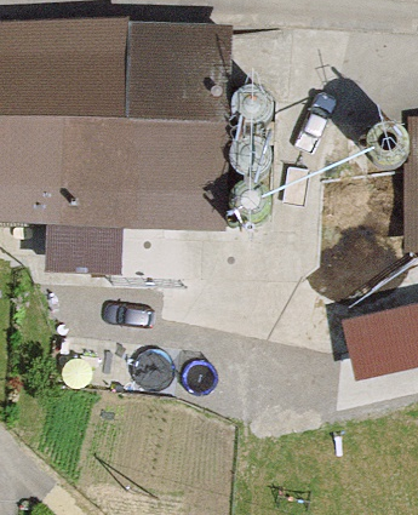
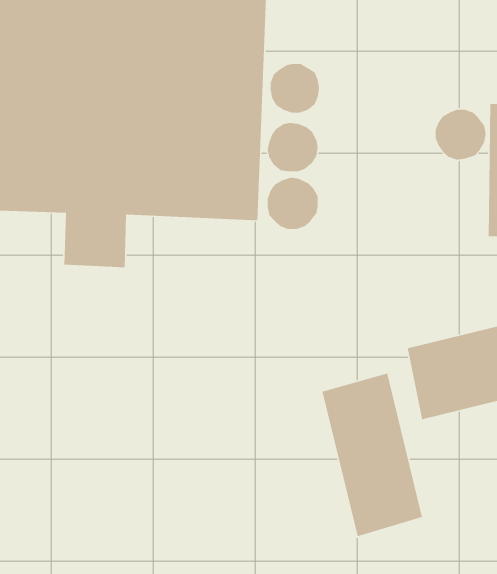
building: none -> [321,373,423,537]

